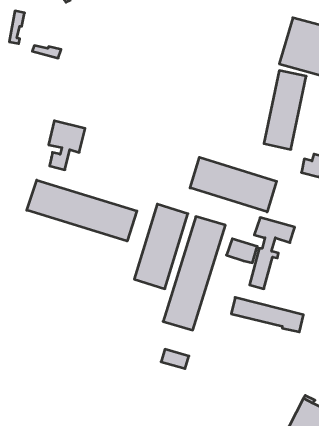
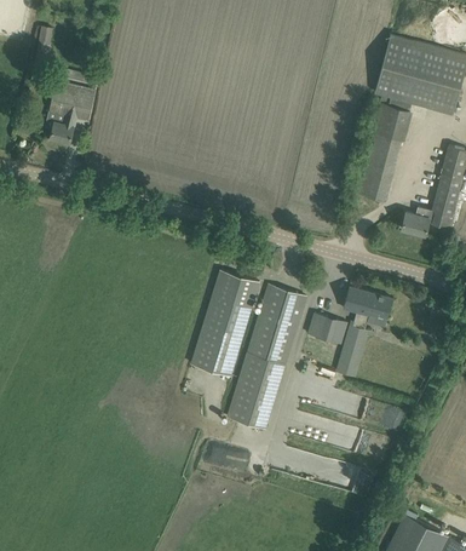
building: [49,121,85,170] -> [50,81,96,143]
building: [190,157,277,212] -> none
building: [27,180,137,241] -> none

